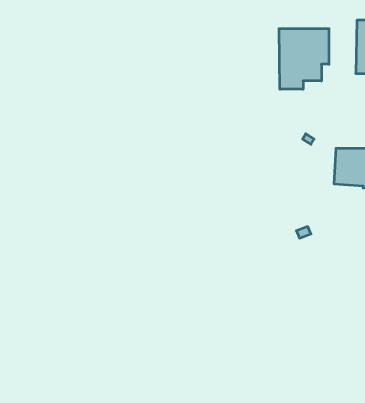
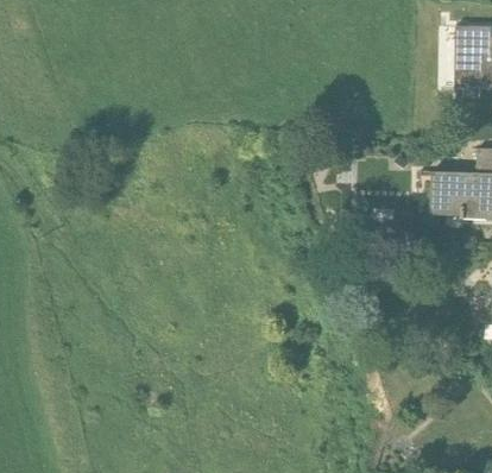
building: [279,29,329,89] -> none

